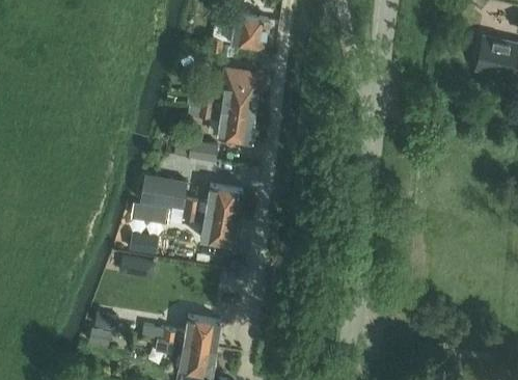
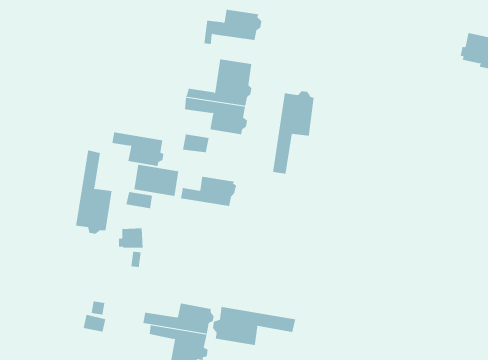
building: none -> [273,91,314,174]
building: none -> [76,150,112,235]
building: [185,210,239,245] -> [111,132,164,166]
building: none -> [212,306,296,346]

